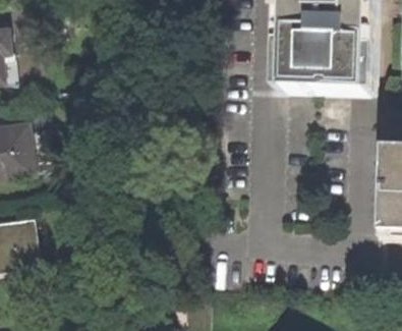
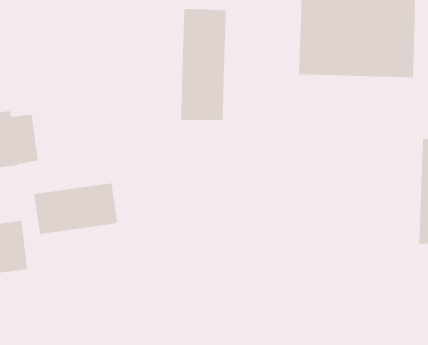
building: none -> [180,8,226,121]
building: none -> [33,182,117,235]

